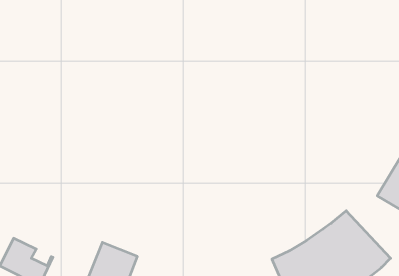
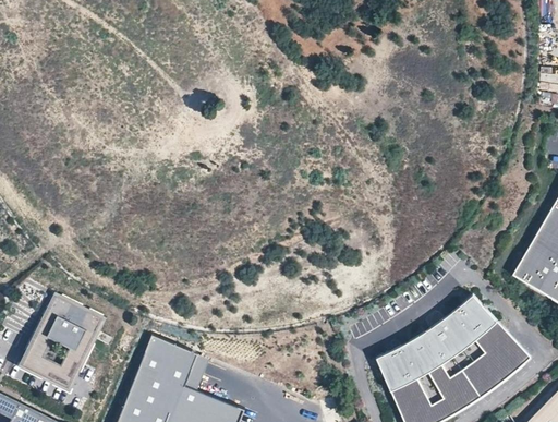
building: none -> [37,292,107,365]

